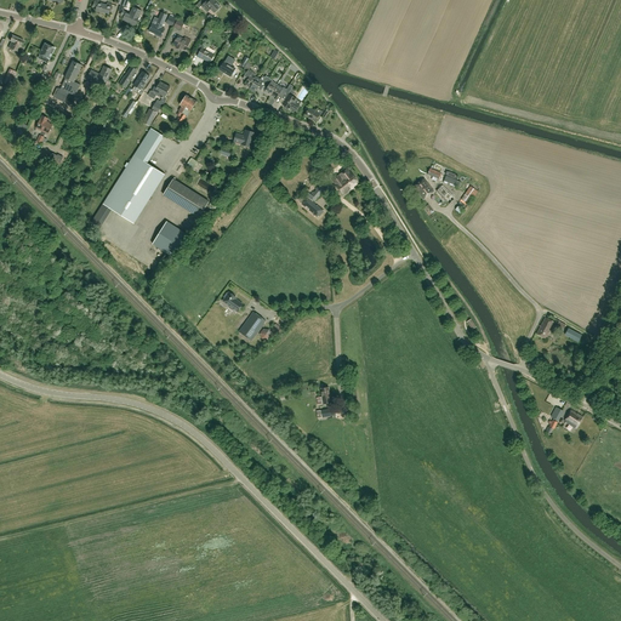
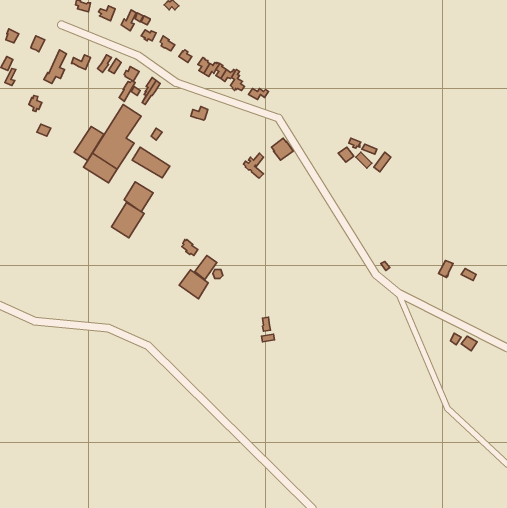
building: none -> [74,127,104,161]
building: none -> [111,203,144,238]
building: none -> [179,270,208,299]

